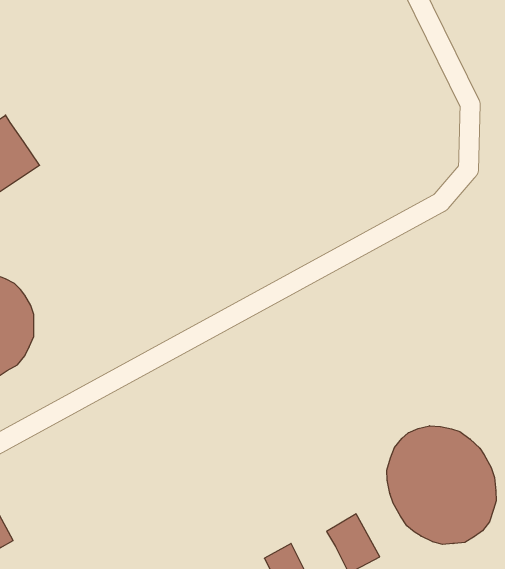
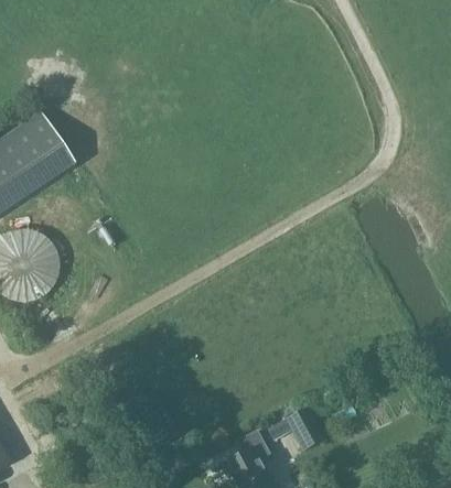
building: [387,426,496,544] -> none

